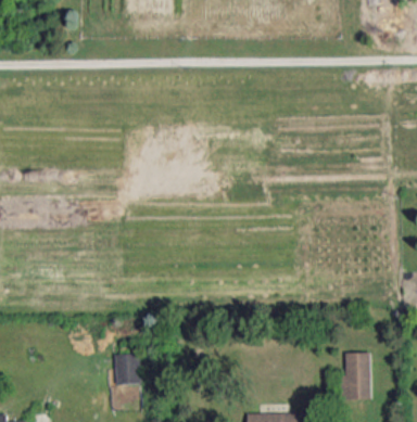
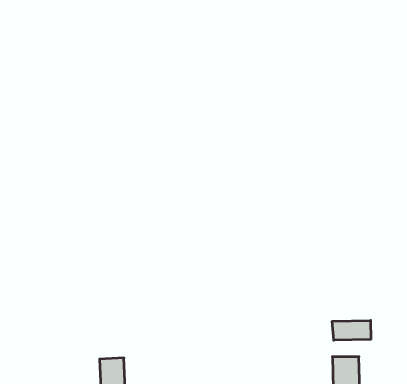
building: none -> [332,320,371,340]

